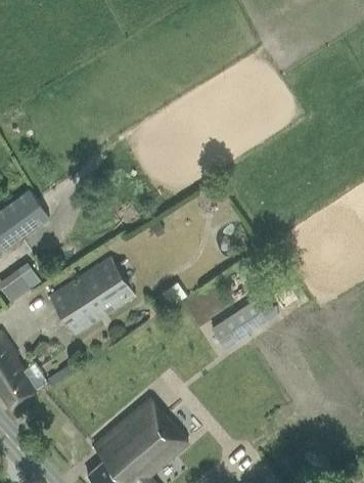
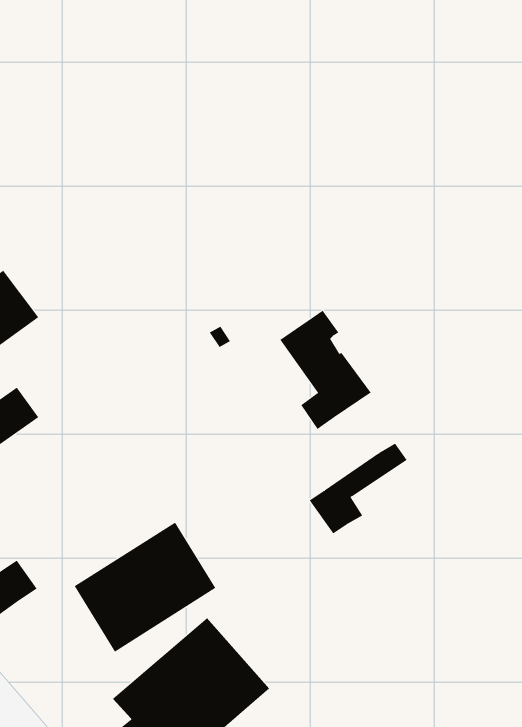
building: none -> [279,310,371,430]
building: [50,256,136,335] -> [74,522,216,652]

